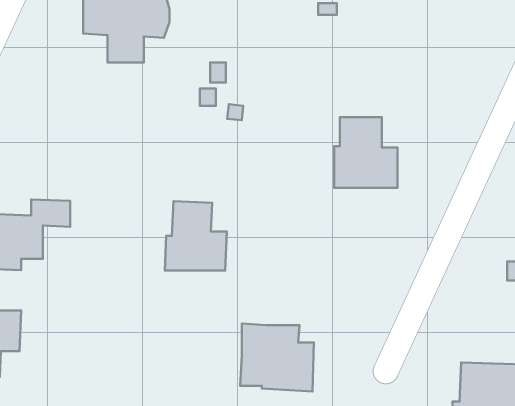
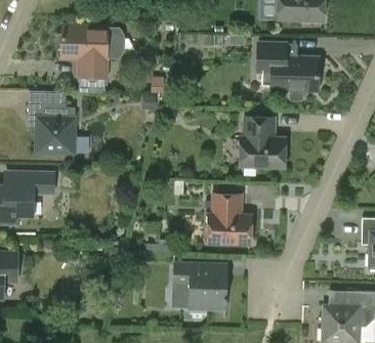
building: none -> [258,43,318,100]
building: none -> [28,102,73,153]
building: [165,201,227,271] -> [206,194,250,243]

